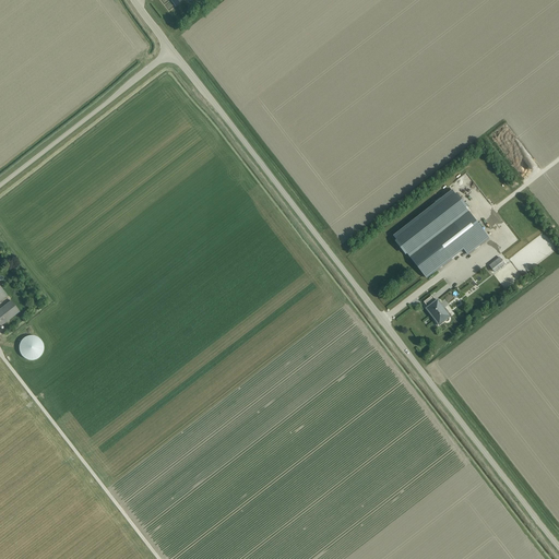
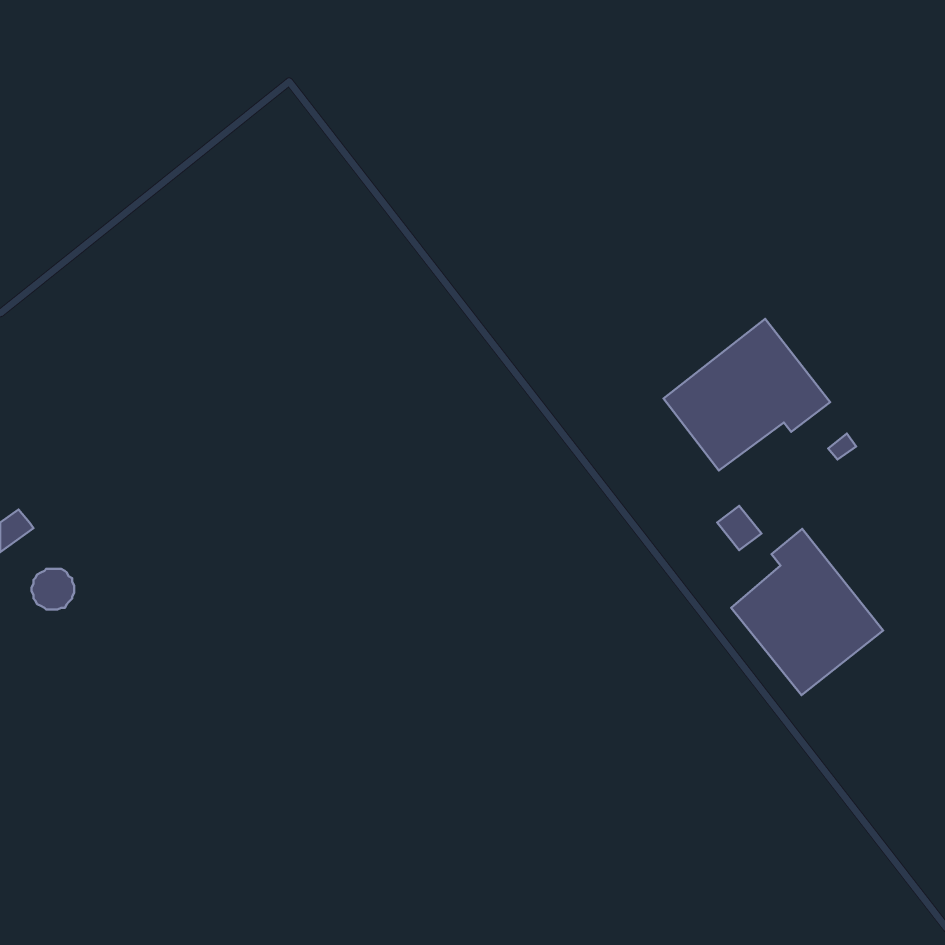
building: none -> [731,529,883,695]

